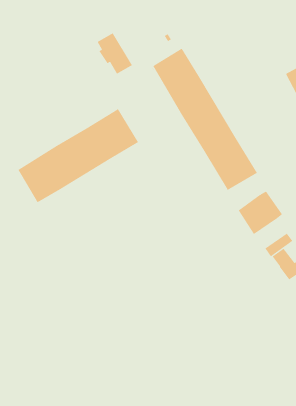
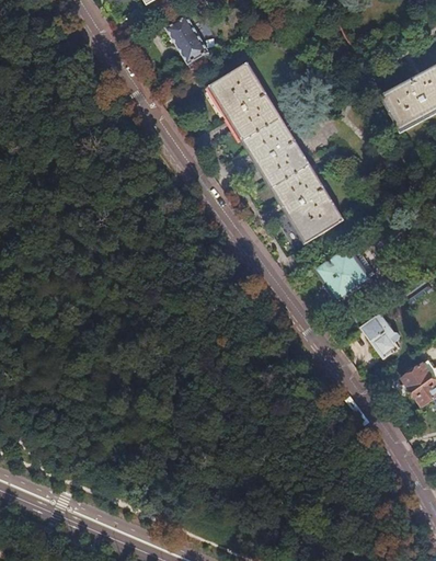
building: [97,32,133,75] -> [167,15,213,69]
building: [17,107,139,203] -> none

